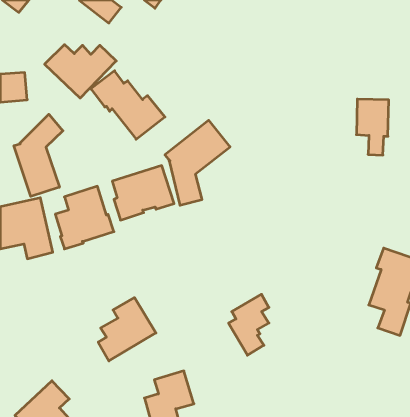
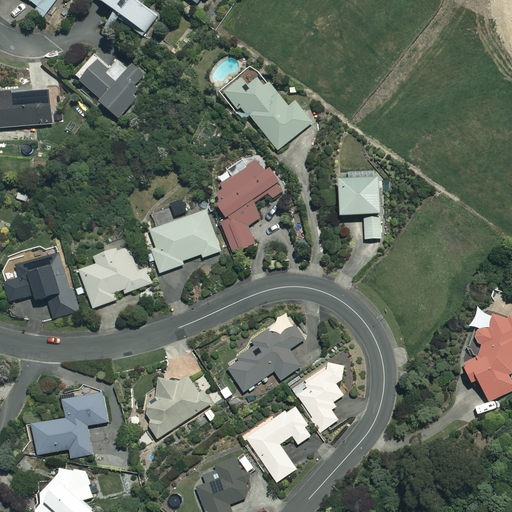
building: [91,71,165,139] -> [230,64,320,147]
building: [356,99,389,155] -> [349,173,388,241]
building: [14,114,63,196] -> none
building: none -> [217,322,311,395]
building: none -> [28,392,100,462]
building: none -> [233,405,307,485]

